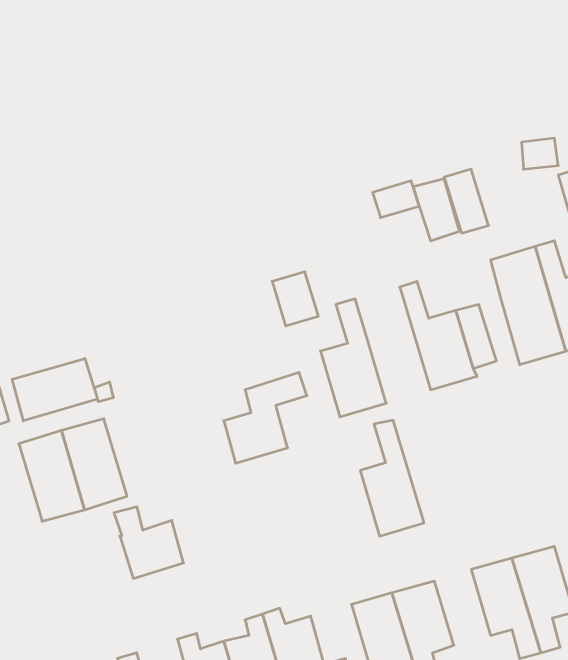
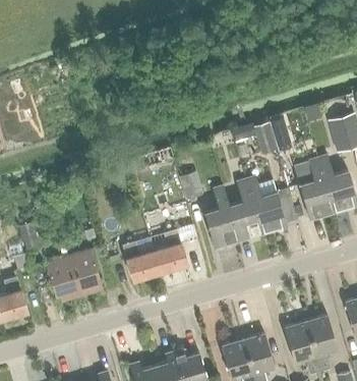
building: [12,358,97,421] -> none
building: [360,420,424,536] -> [229,178,262,239]
building: [114,507,184,578] -> [123,241,160,279]

